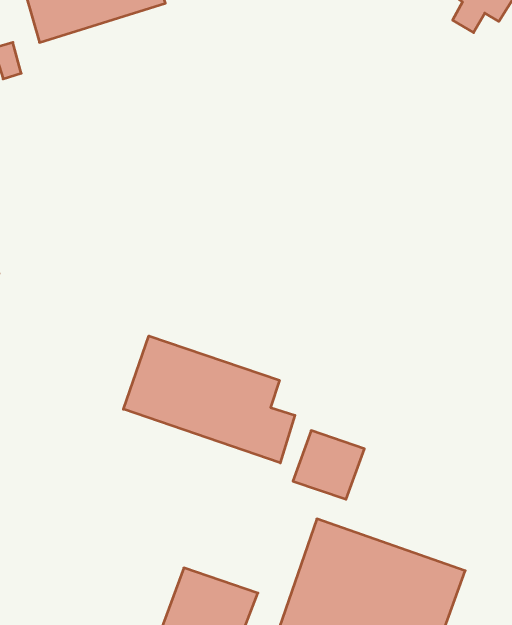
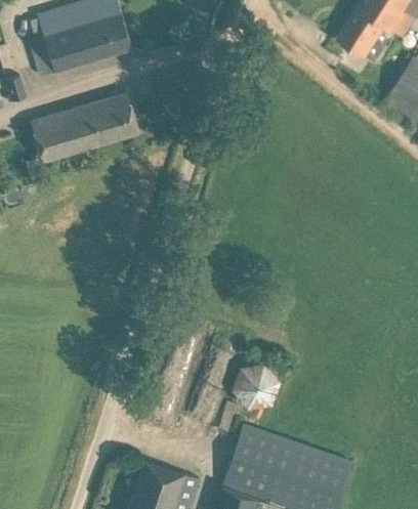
building: none -> [33,93,140,161]
building: [123,336,295,463] -> none

